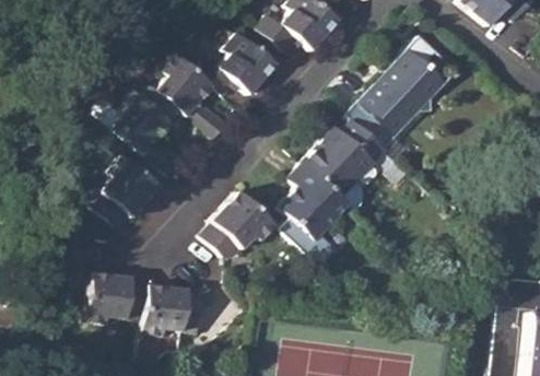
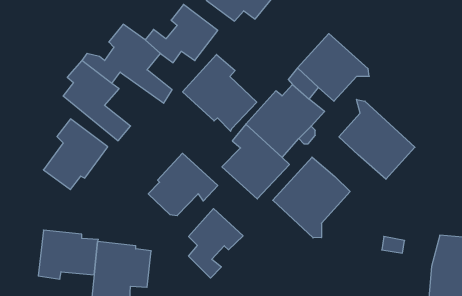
building: [391,35,446,102] -> none
building: none -> [183,54,257,131]
building: none -> [339,99,415,179]
building: none -> [273,157,350,238]
building: none -> [189,209,243,278]

